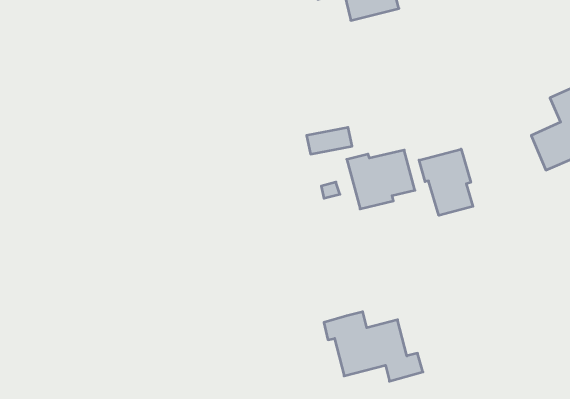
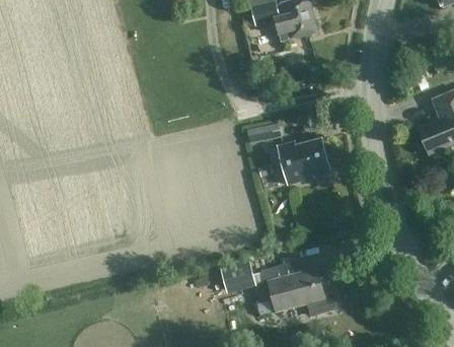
building: [419,149,473,215] -> none
building: none -> [221,260,257,293]

